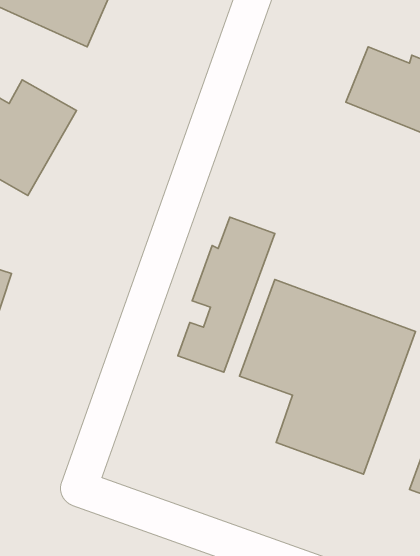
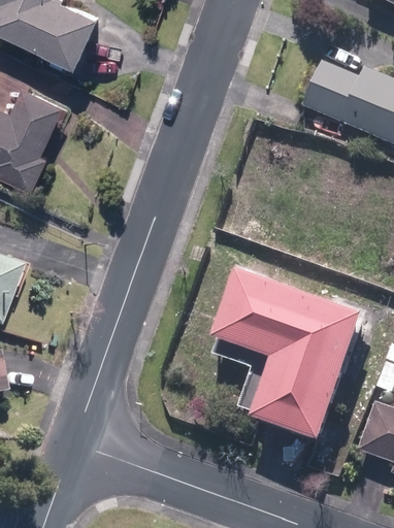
building: [178,217,275,372] -> none

